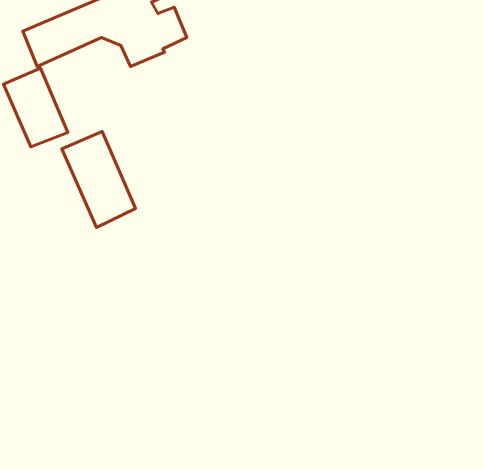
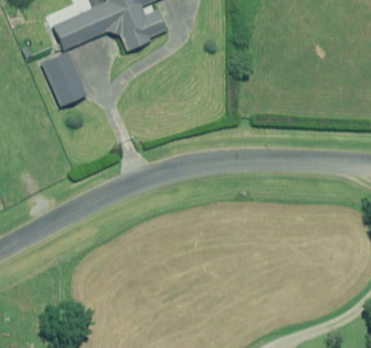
building: [62,131,135,227] -> none

